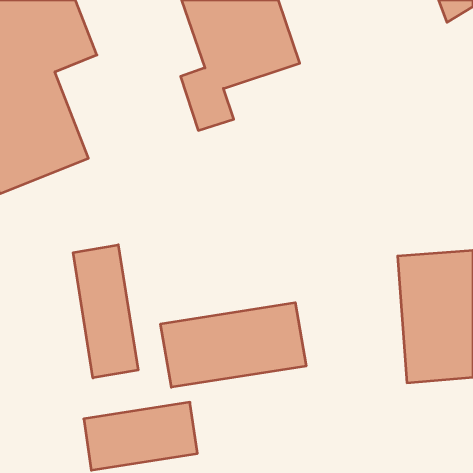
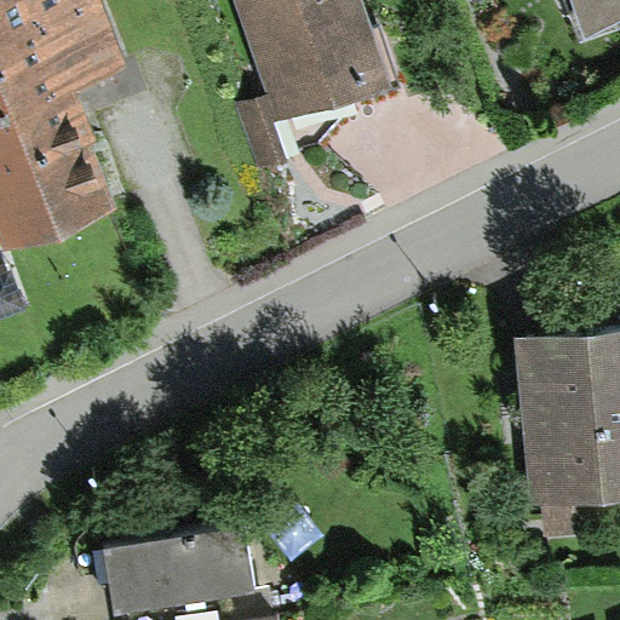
building: [73,245,138,378] -> none
building: [161,303,306,387] -> none

